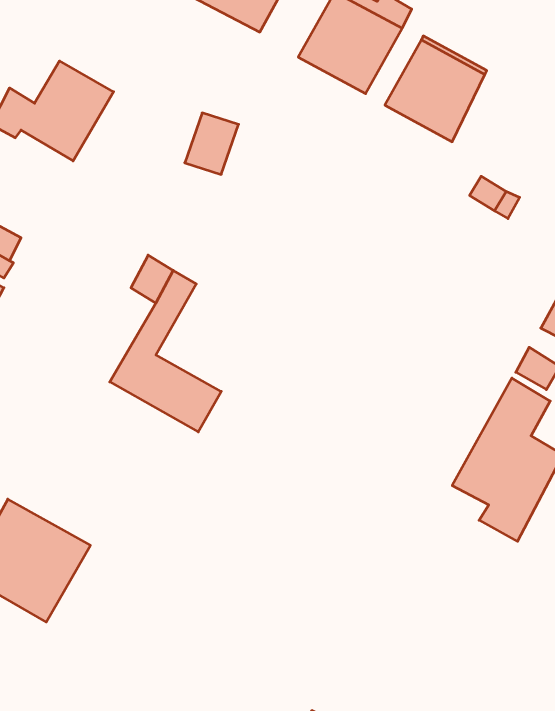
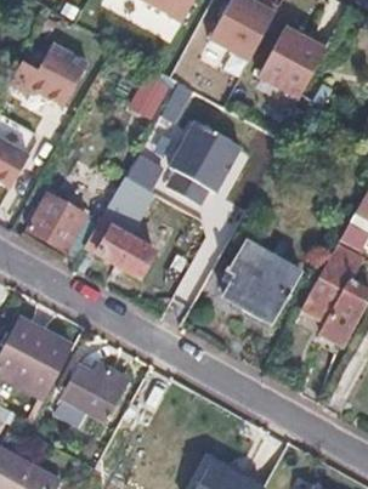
building: none -> [168,120,242,201]
building: none -> [28,192,87,249]
building: none -> [222,238,299,318]
building: none -> [63,365,129,420]

